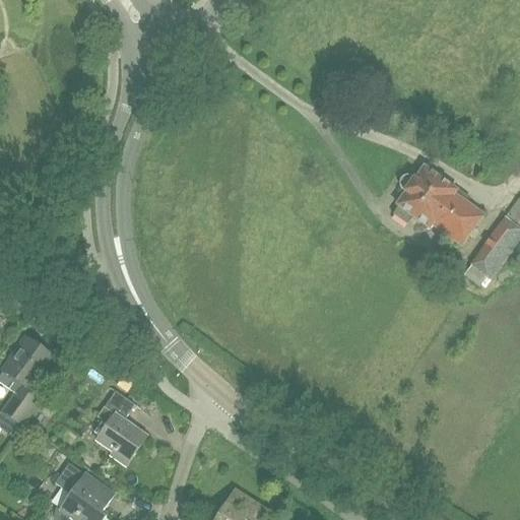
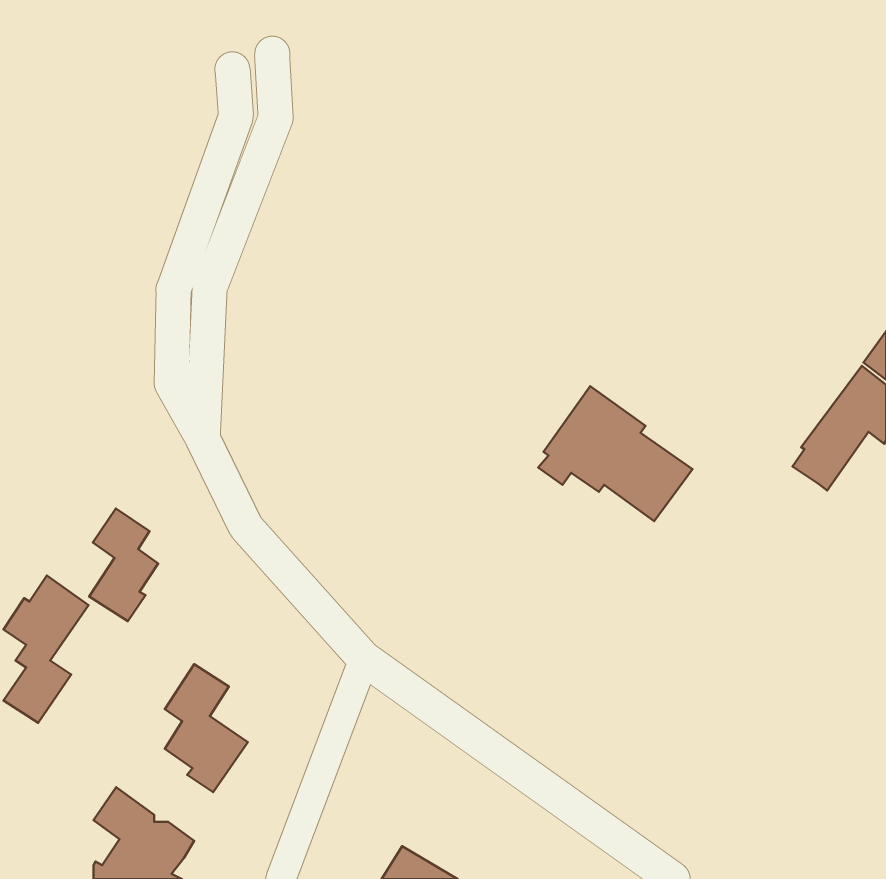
building: [393,164,483,243] -> [538,386,692,521]
building: none -> [89,508,158,621]

